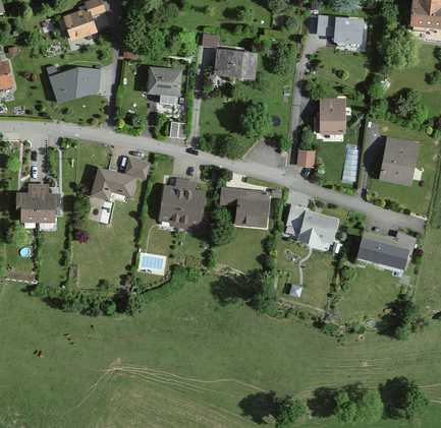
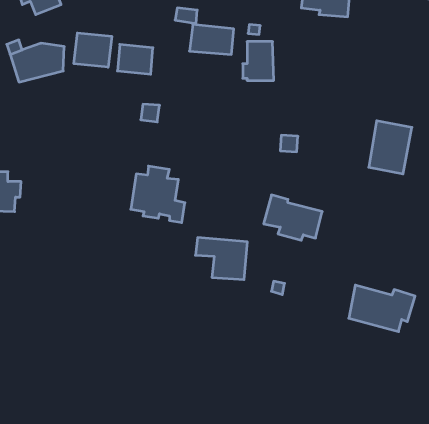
building: none -> [74,33,112,67]
building: [317,98,345,133] -> [243,42,274,80]
building: [92,158,148,199] -> none
building: [221,187,269,226] -> [195,238,247,280]
building: [355,229,417,271] -> [349,285,415,332]

